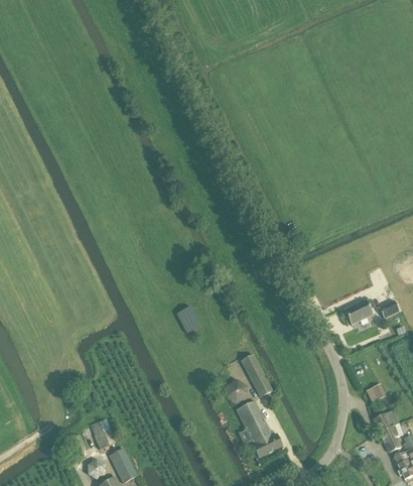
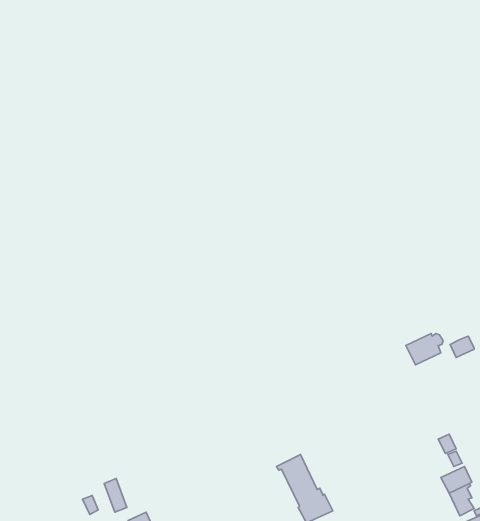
building: [175,305,200,333] -> none
building: [241,353,272,396] -> none
building: [225,379,247,403] -> none

